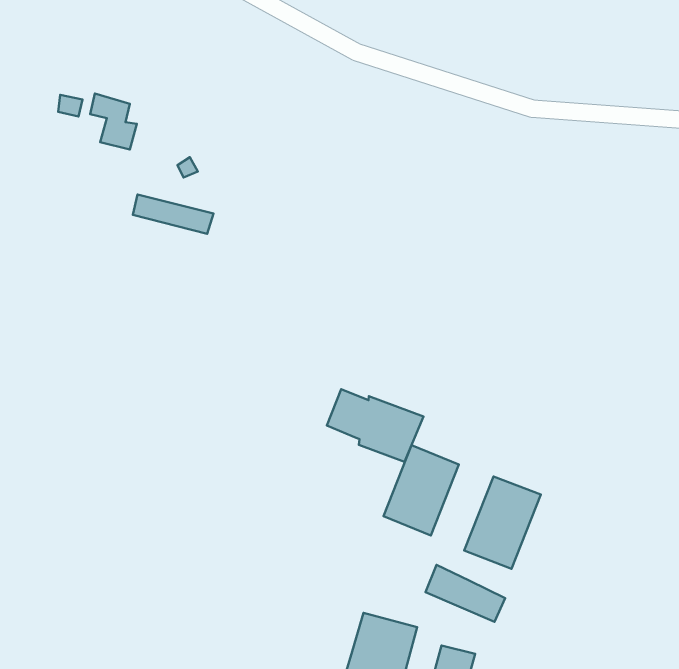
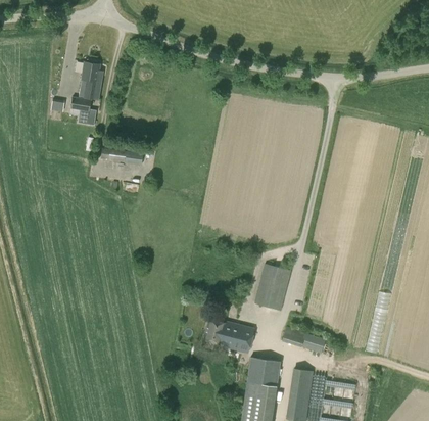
building: none -> [79,59,102,100]
building: [327,389,424,462] -> [203,319,254,354]
building: [464,476,541,569] -> none

